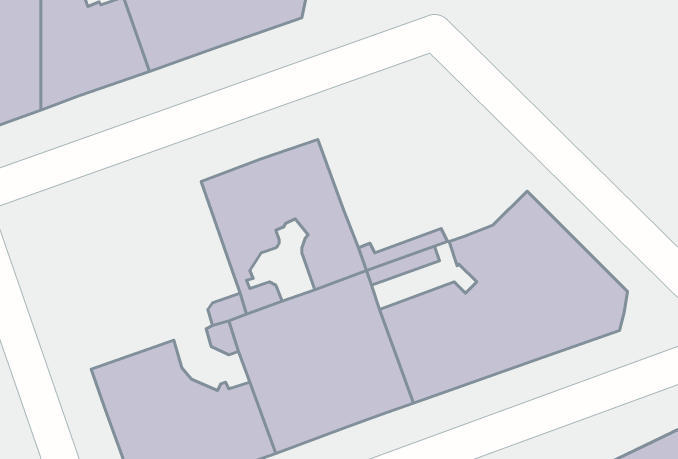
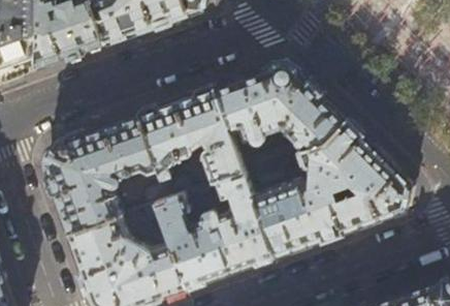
building: none -> [211,65,344,152]
building: none -> [42,117,156,237]

